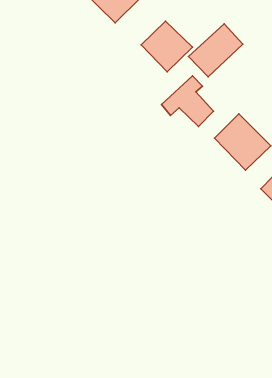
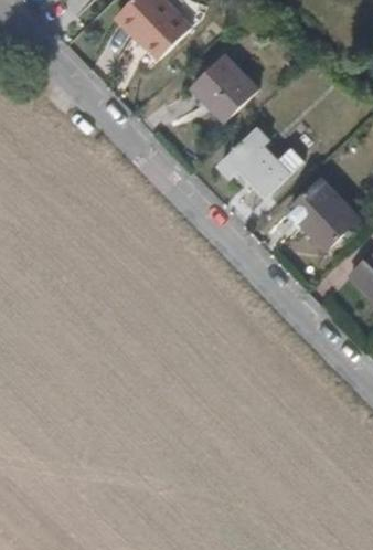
building: [189,24,243,77] -> none

